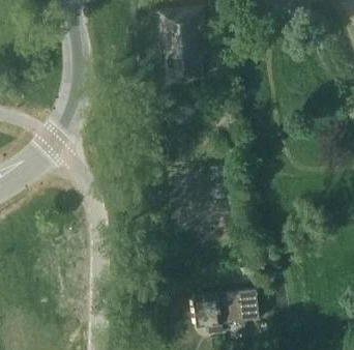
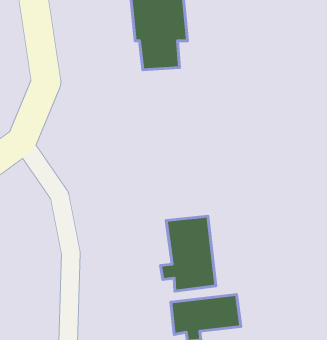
building: none -> [161,216,216,291]

